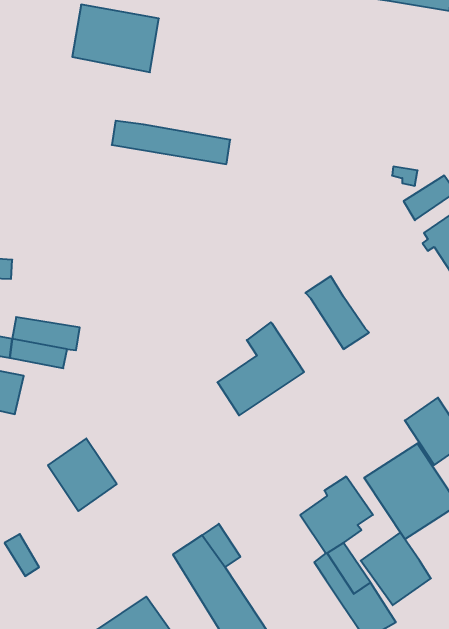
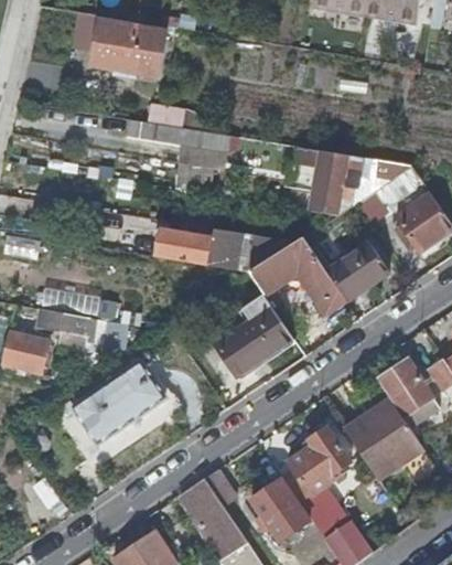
building: none -> [293,147,357,215]
building: none -> [155,223,240,268]
building: none -> [247,236,314,295]
building: none -> [325,244,386,299]
building: none -> [103,366,171,434]
building: [361,533,431,605] -> [249,477,310,540]

